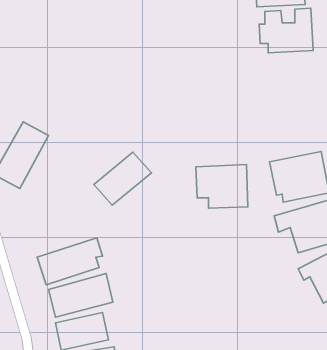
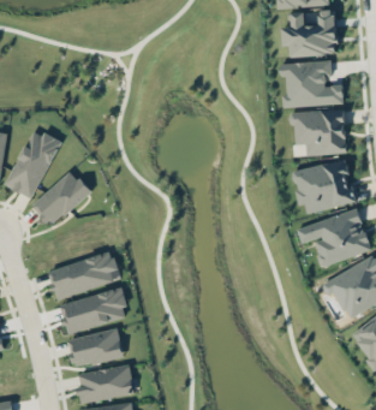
building: none -> [280,61,345,107]
building: [94,152,151,205] -> [32,171,92,226]
building: [196,164,248,208] -> [293,109,347,155]

